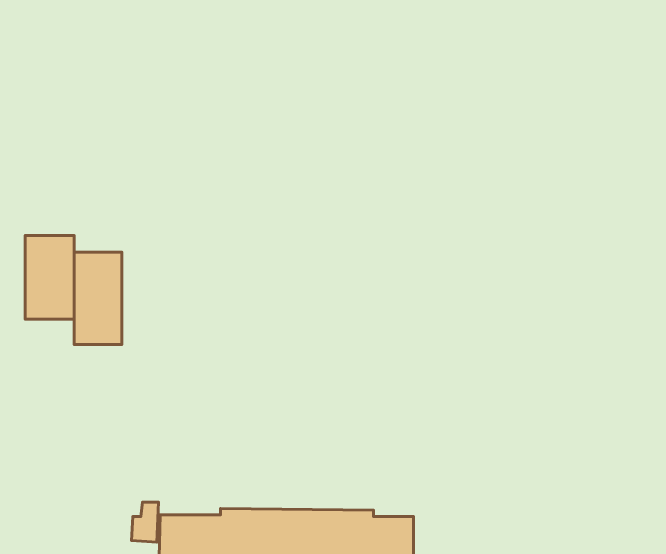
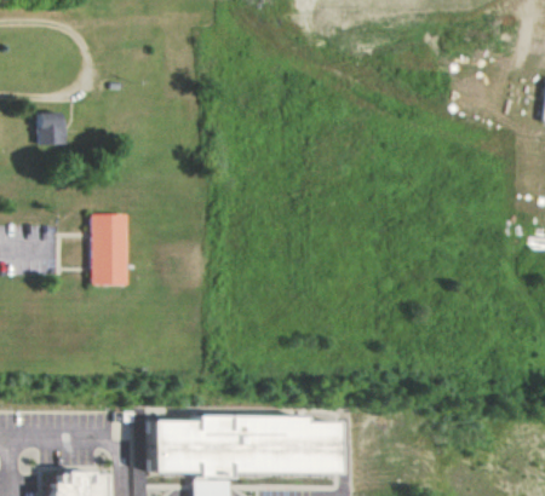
building: none -> [44,111,74,143]
building: [25,236,74,319] -> none

